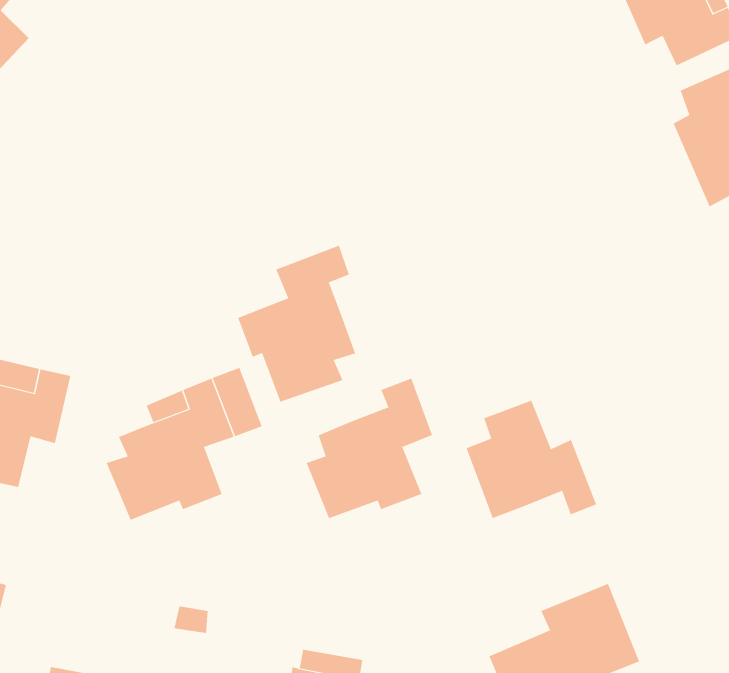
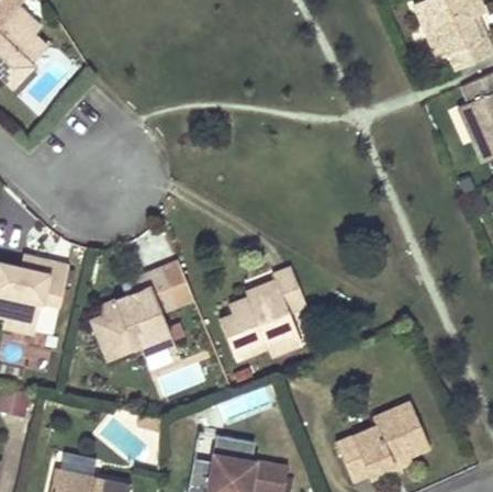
building: [238,245,356,402] -> none
building: [466,400,597,519] -> none

